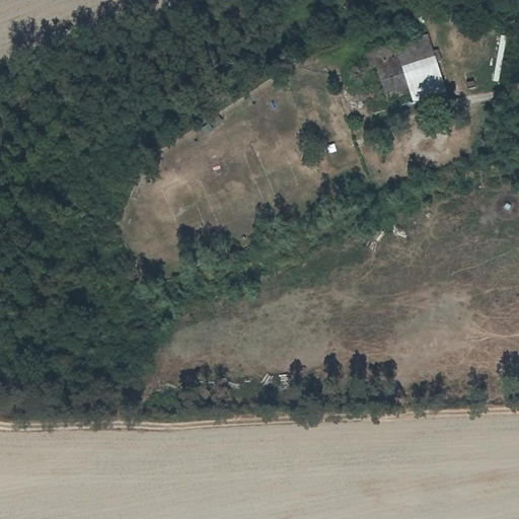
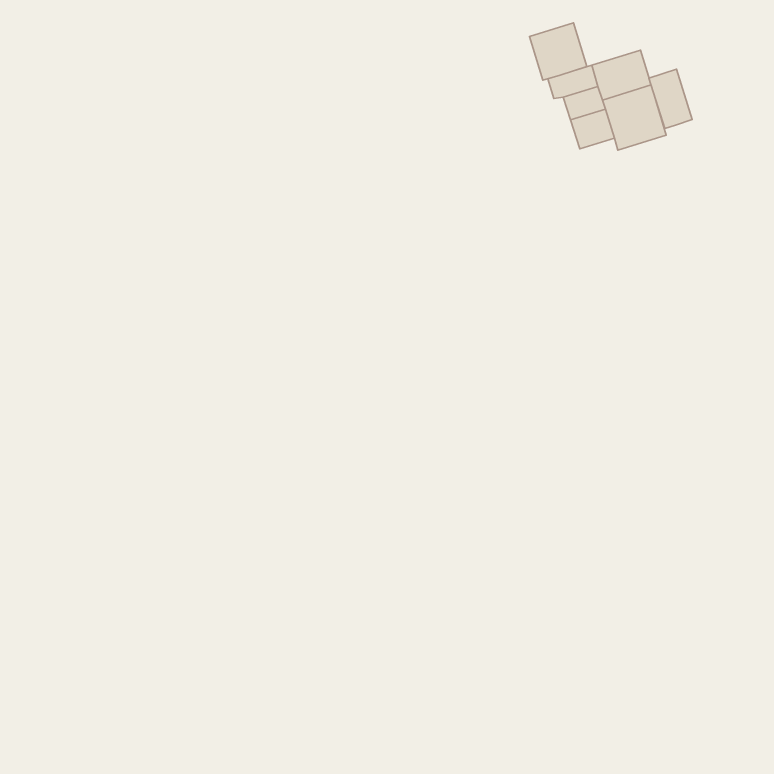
building: none -> [530,23,587,80]
building: none -> [649,69,692,128]

